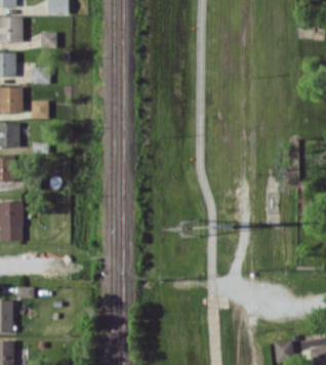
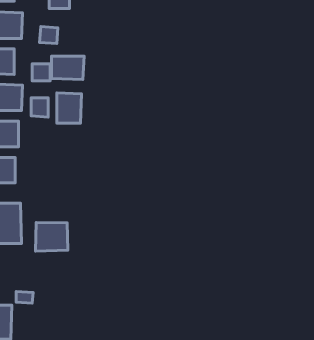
building: none -> [52,56,84,80]
building: none -> [57,93,82,123]
building: none -> [36,223,68,251]

